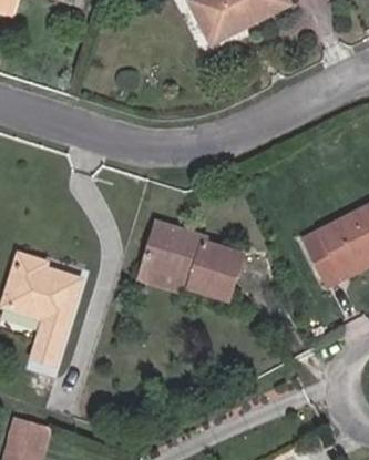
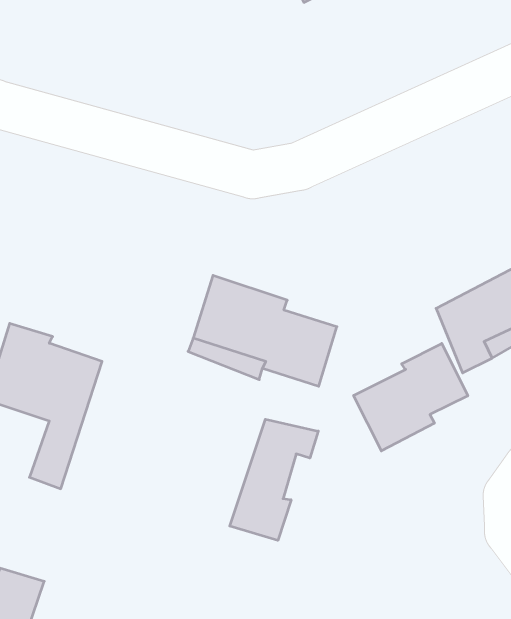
building: none -> [354,343,468,451]
building: none -> [230,419,318,540]

